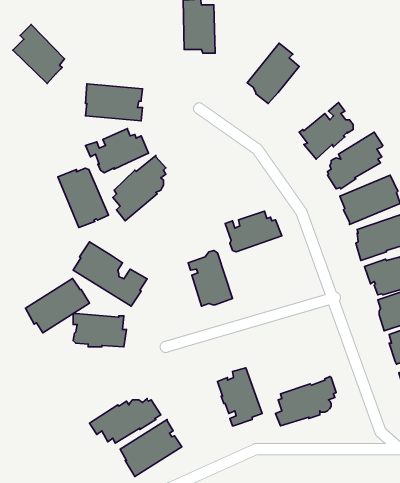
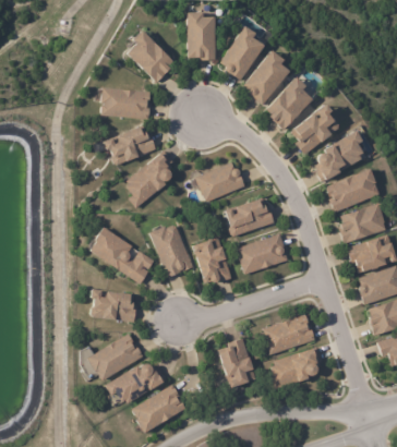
building: none -> [220,27,264,80]
building: [13,24,64,84] -> [127,31,172,83]
building: none -> [266,77,312,131]
building: [58,168,109,228] -> [148,225,193,277]
building: none -> [195,162,245,202]
building: none -> [236,234,289,275]
building: [26,278,90,333] -> [86,334,143,382]
building: none -> [263,313,316,355]

